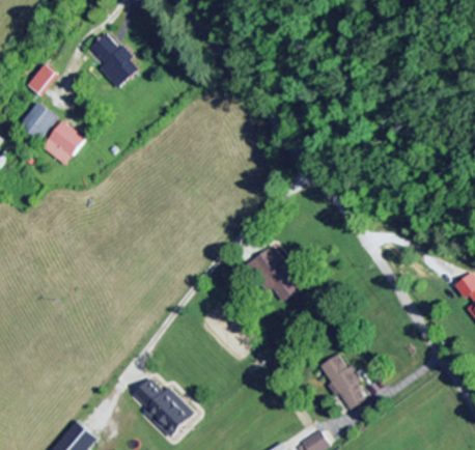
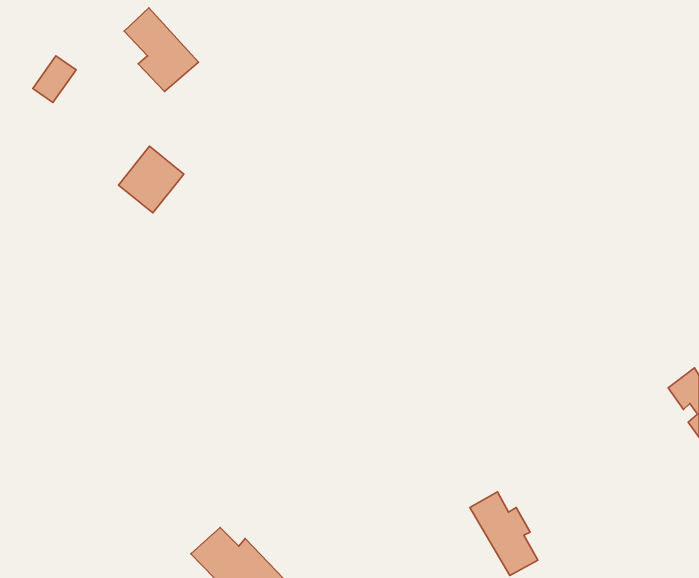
building: [21,102,58,140] -> none
building: [41,120,85,165] -> [119,146,184,213]
building: [250,246,301,302] -> none

